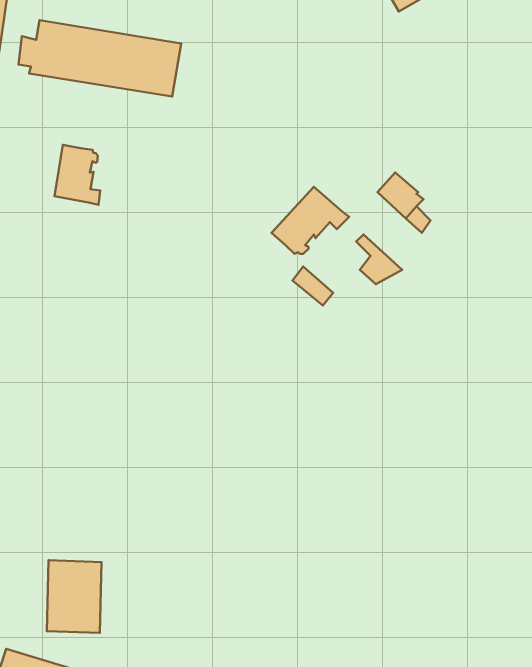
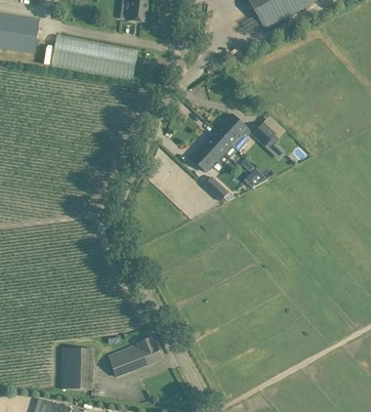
building: [54,145,100,205] -> none
building: none -> [216,114,251,151]
building: none -> [109,336,162,377]

